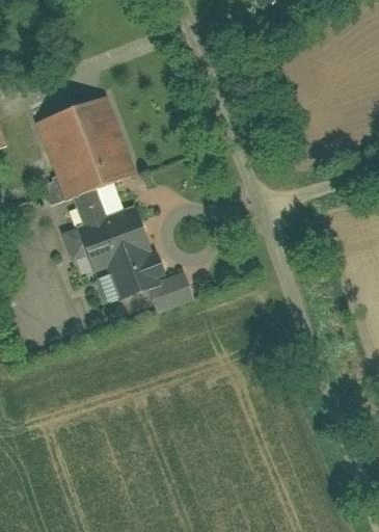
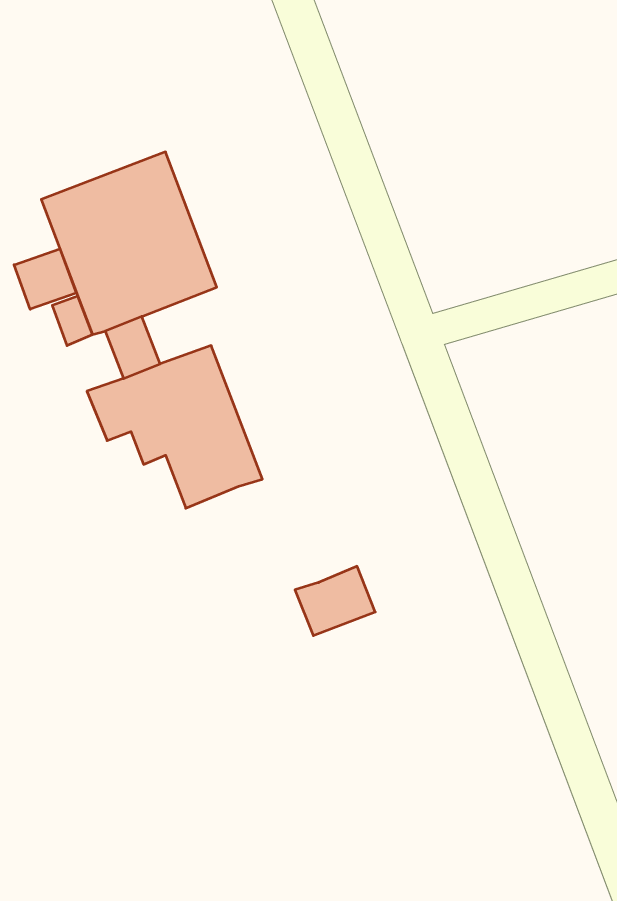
building: none -> [14,249,76,309]
building: [148,272,194,312] -> [295,566,375,636]

